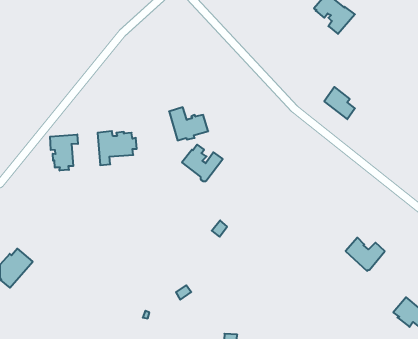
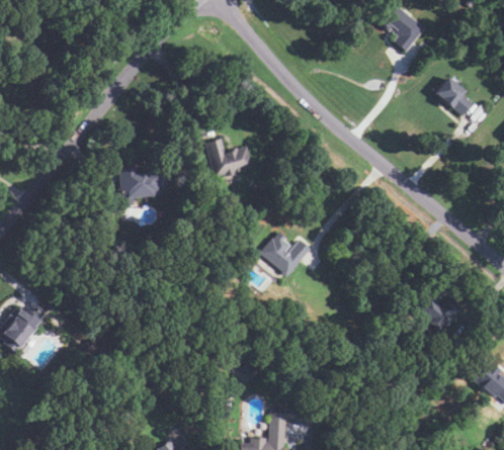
building: [324,87,355,119] -> [436,77,473,115]
building: [50,134,78,171] -> none
building: [182,145,223,181] -> [261,232,310,275]

